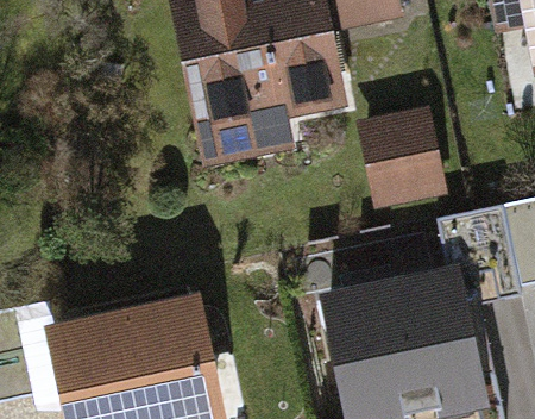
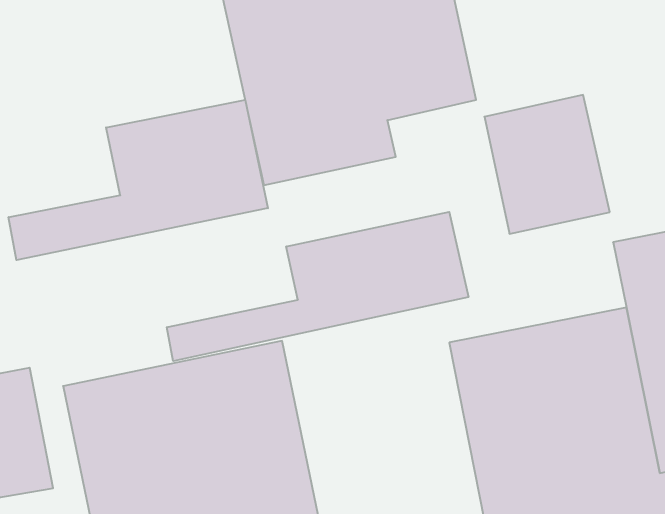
building: none -> [9,100,268,260]
building: none -> [167,212,468,361]

